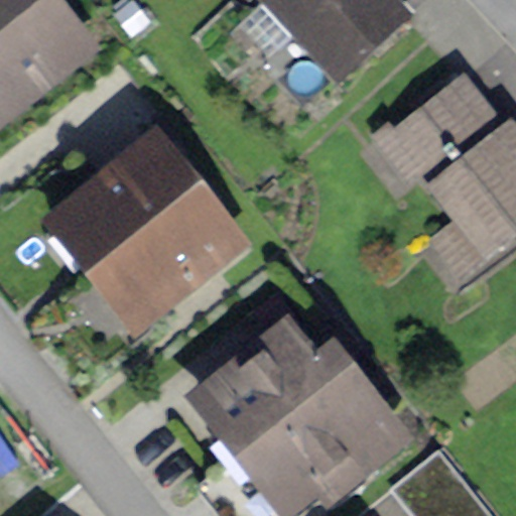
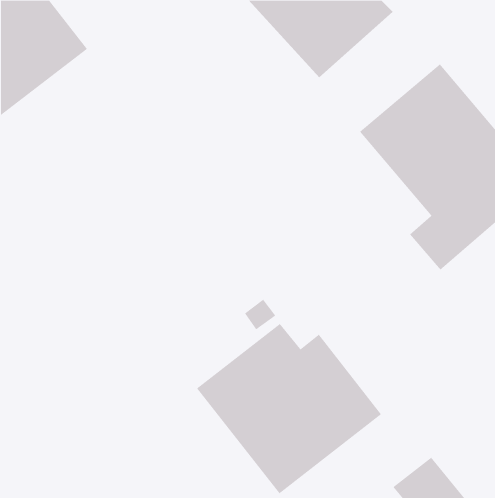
building: [58,141,244,325] -> none

